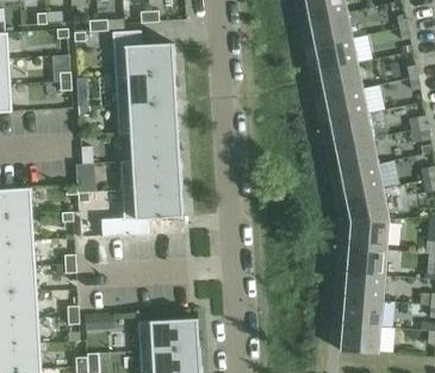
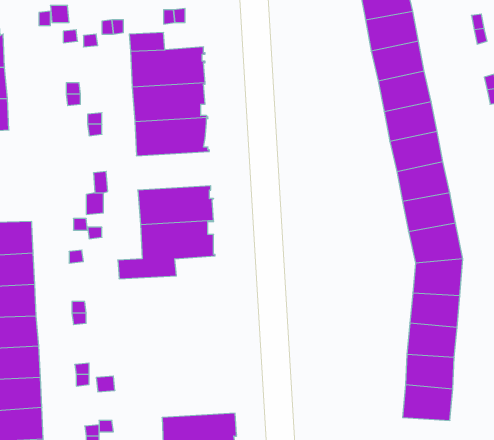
building: [118,130,180,162] -> none
building: [137,318,200,352] -> none

